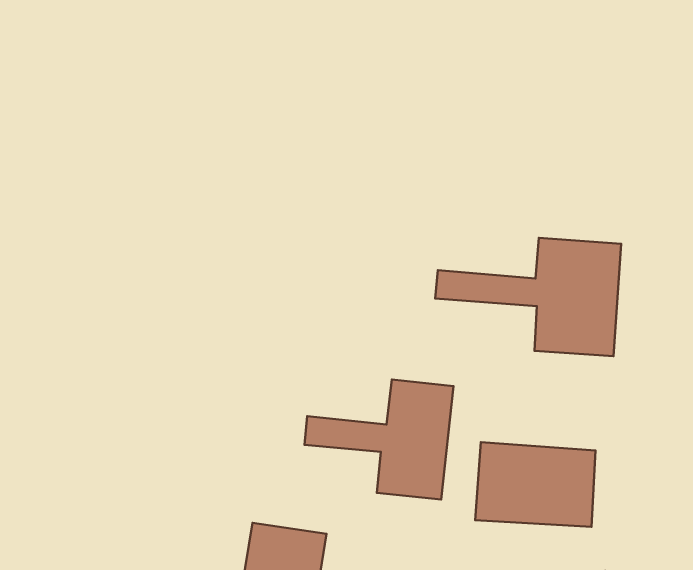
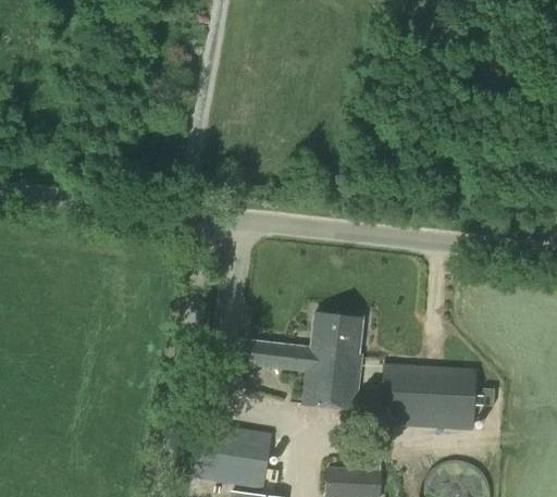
building: [435,238,621,356] -> none

